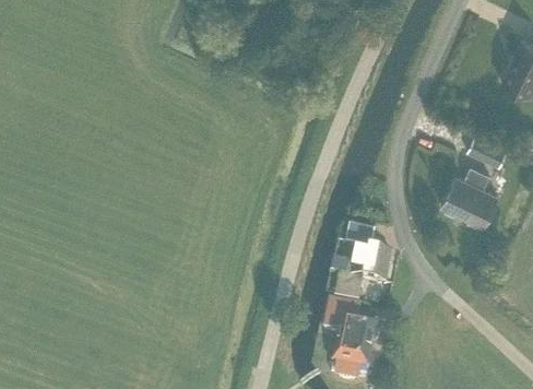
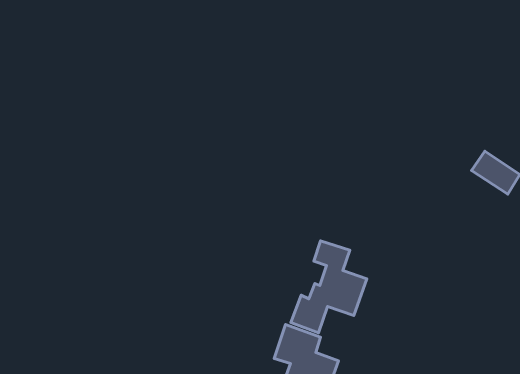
building: [440,166,497,226] -> none

